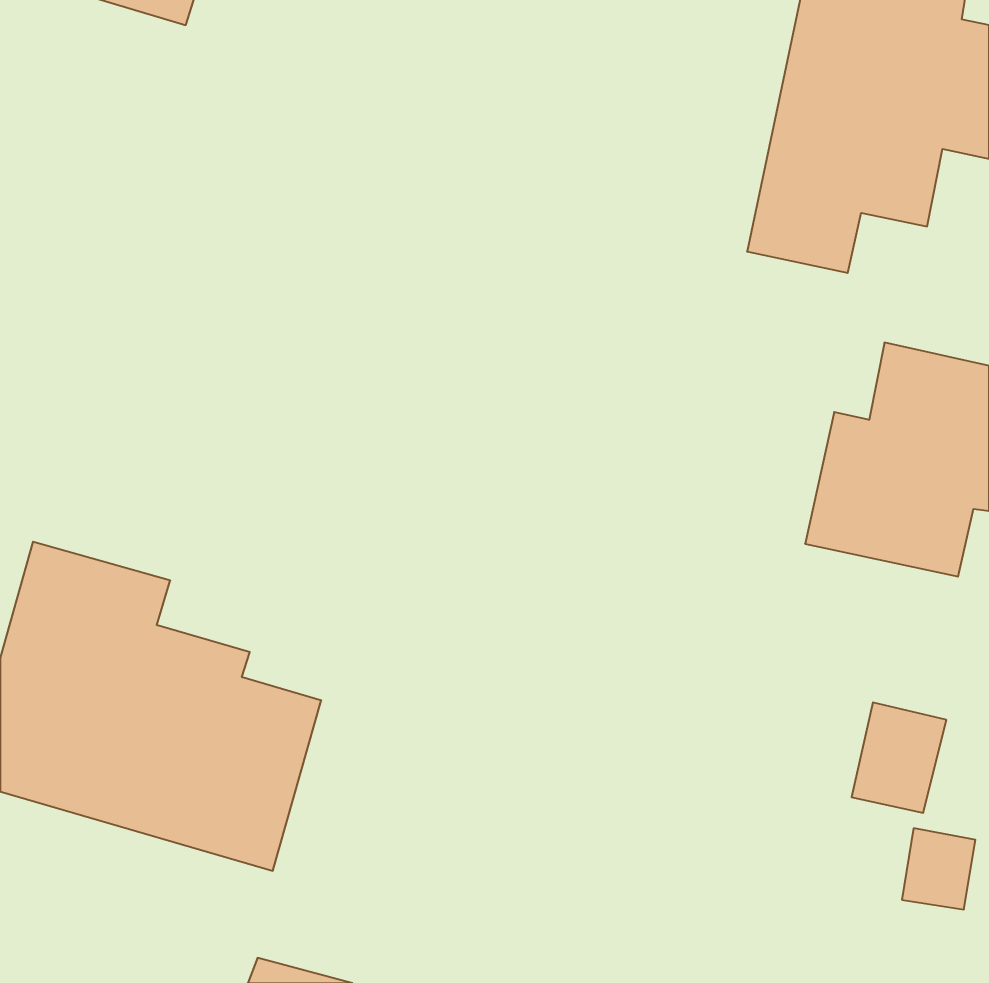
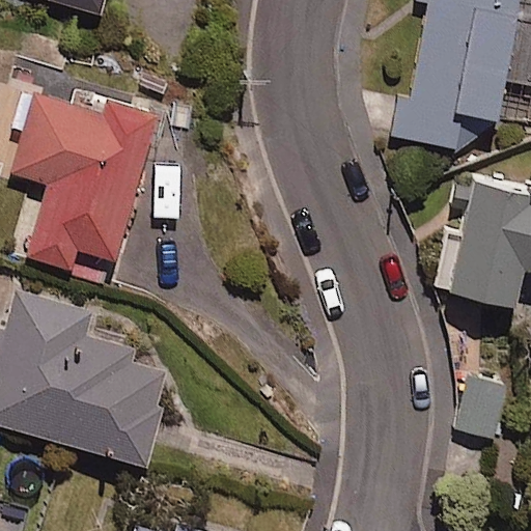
building: none -> [10,91,157,281]

